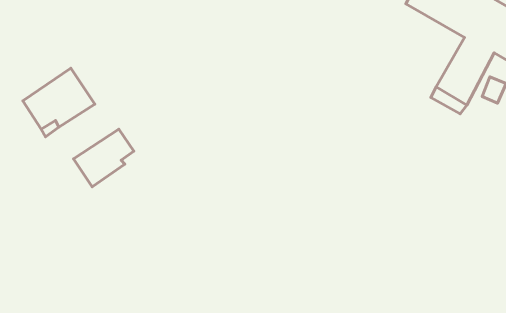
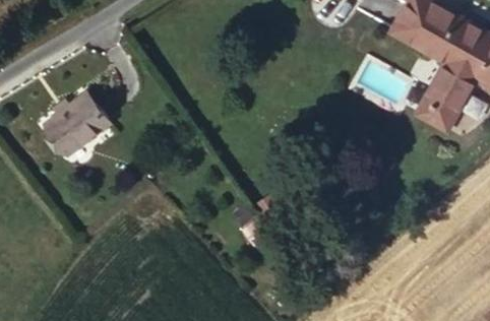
building: [74,129,134,187] -> none

